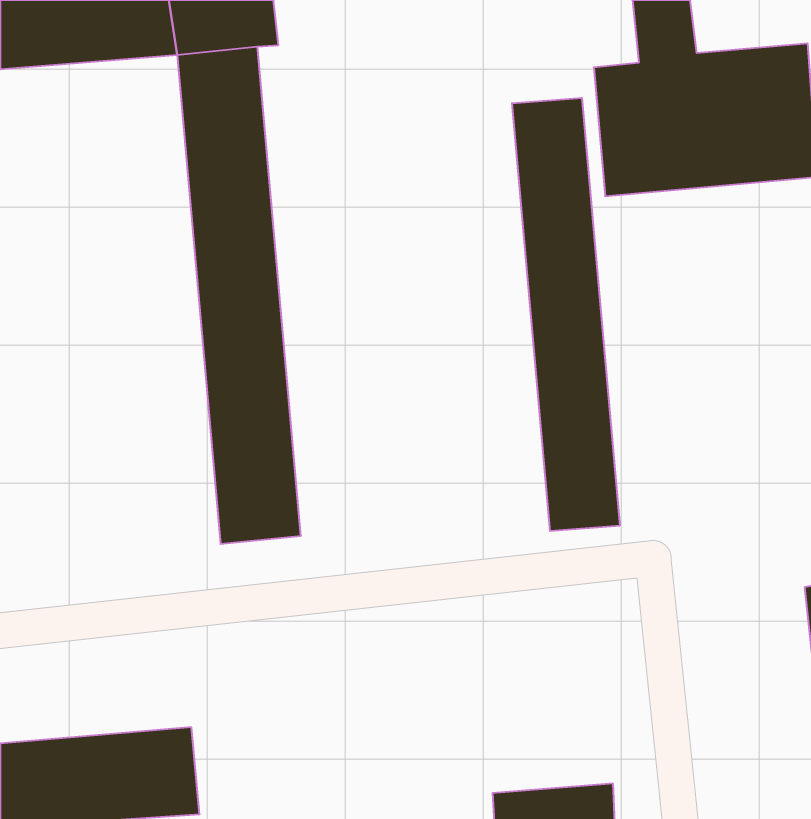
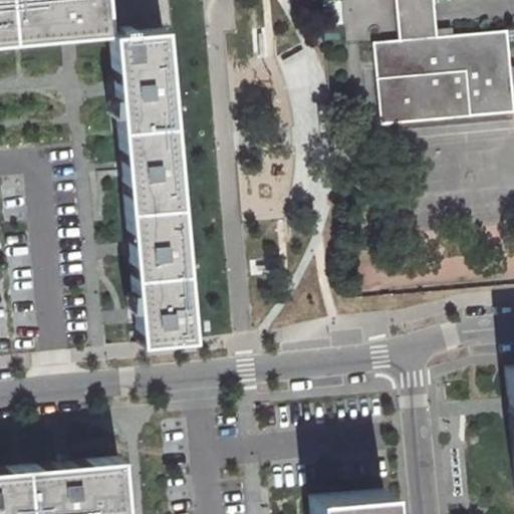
building: [512,98,620,531] -> none

